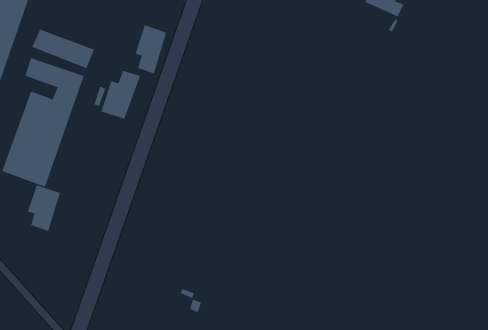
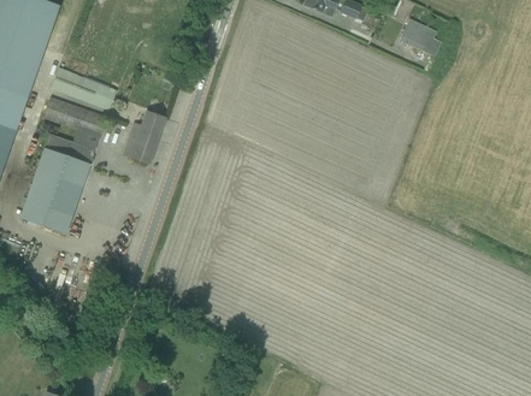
building: [135,25,167,74] -> none
building: [27,184,60,232] -> none

